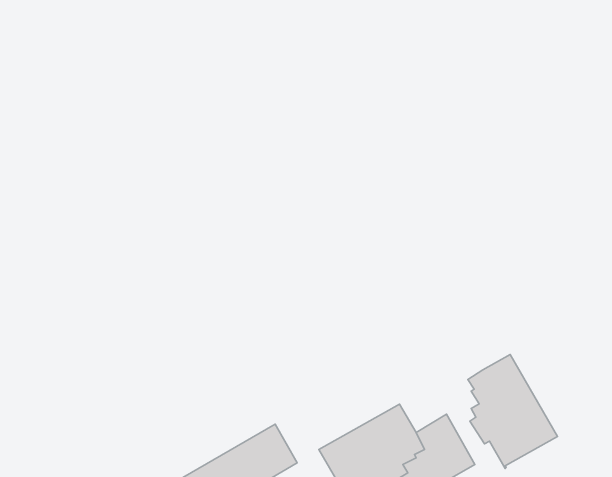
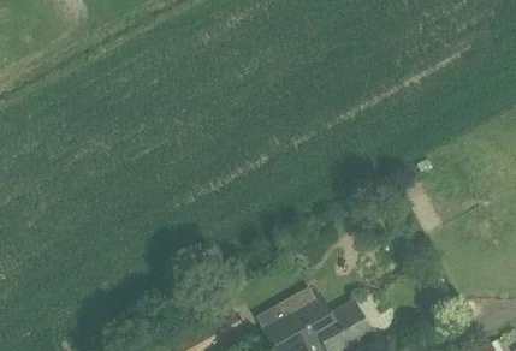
building: [468,355,558,469] -> none

